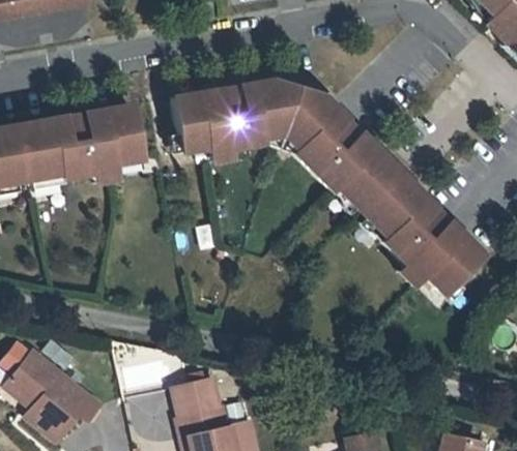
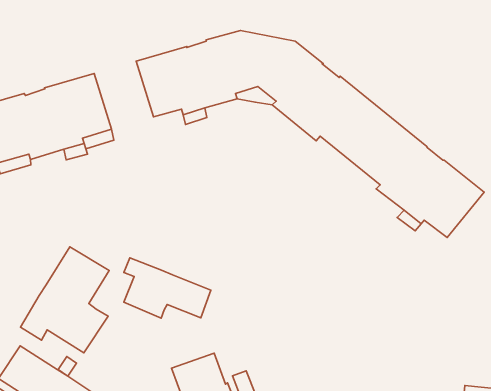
building: none -> [20,247,109,353]
building: none -> [124,258,211,318]

